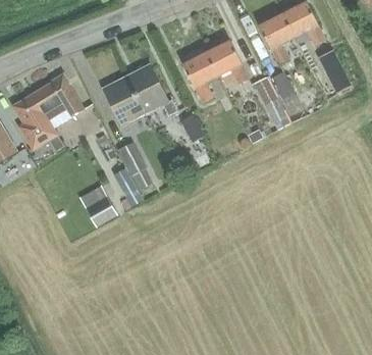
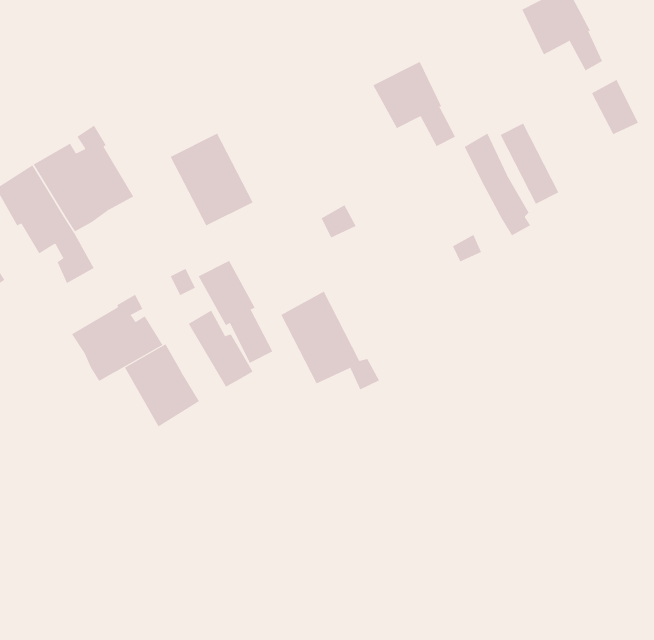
building: [259,13,294,63] -> none
building: [182,52,218,102] -> none
building: [126,64,177,115] -> [280,291,380,390]
building: none -> [71,294,163,382]

